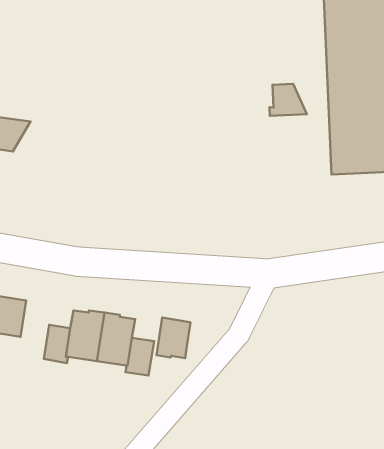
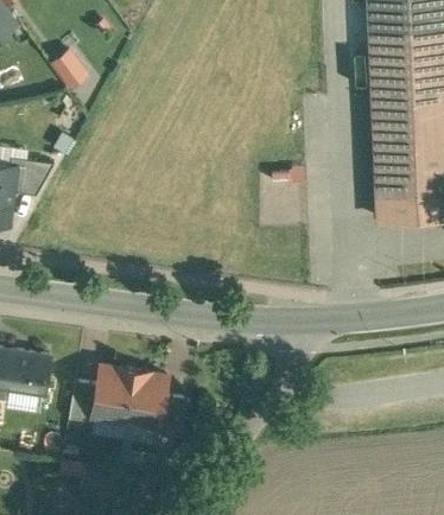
building: none -> [47,45,89,88]
building: [270,84,307,116] -> none
building: [156,318,191,358] -> none

